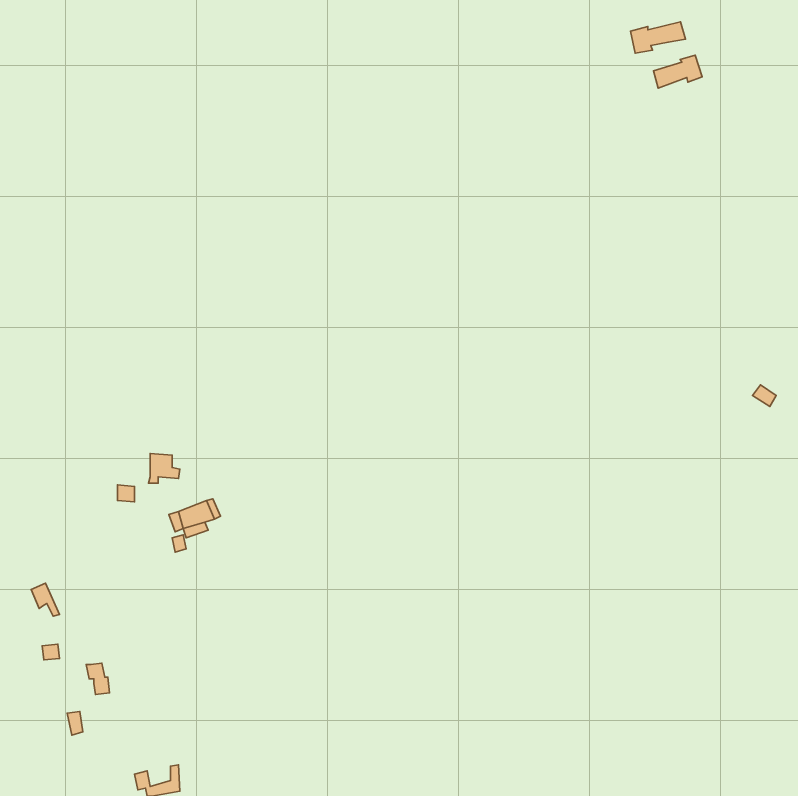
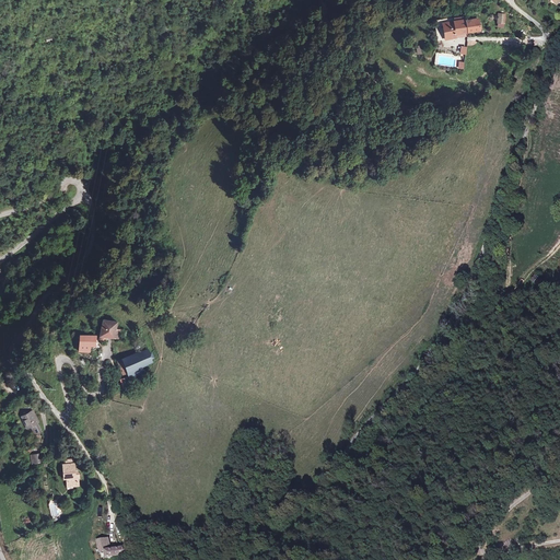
building: [654,55,702,88] -> none

